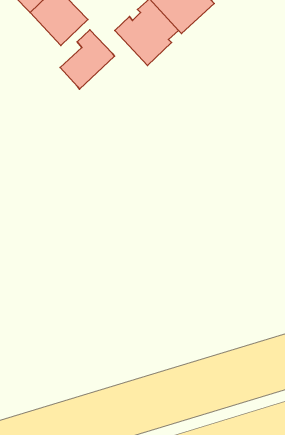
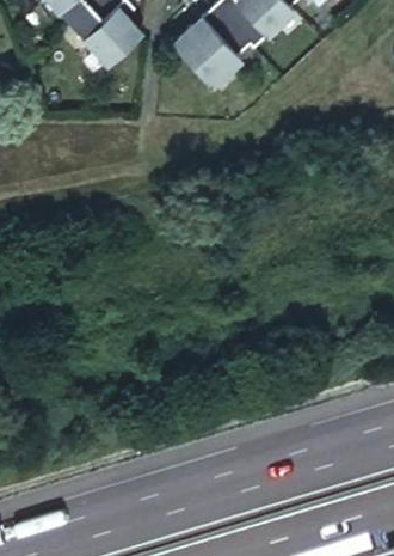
building: [60,30,115,89] -> none

